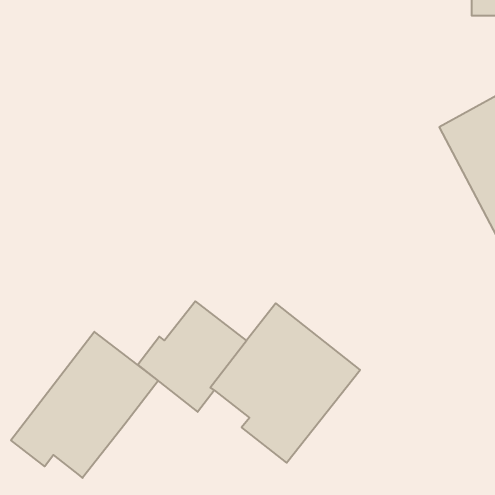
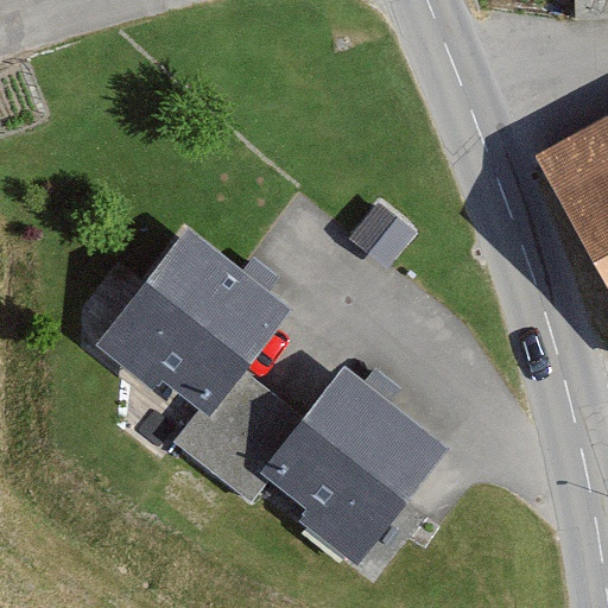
building: none -> [95,227,290,413]
building: [11,332,158,478] -> none

